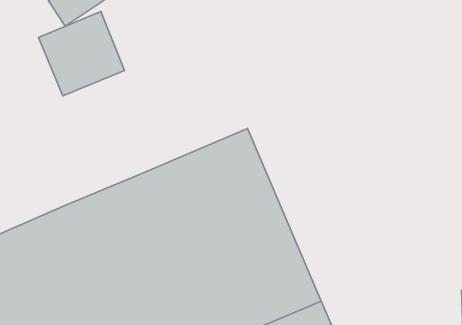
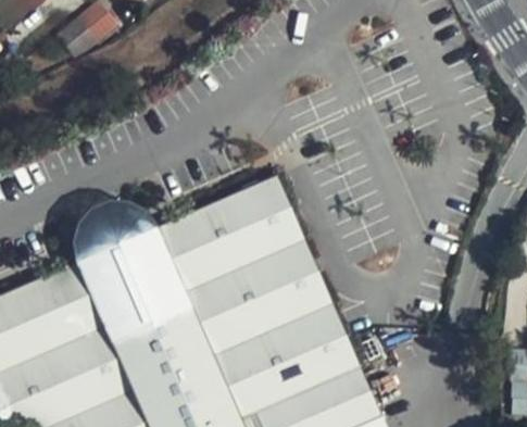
building: [38,11,125,96] -> none
building: none -> [71,201,158,261]

